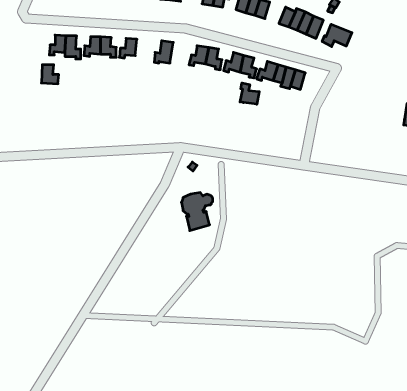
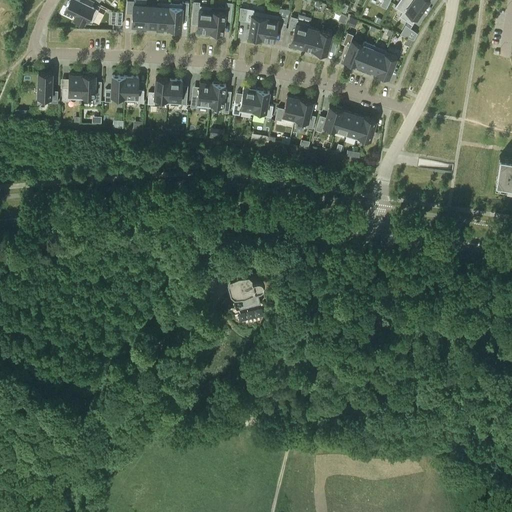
building: [322,24,352,47] -> none
building: none -> [168,81,188,106]
building: none -> [210,85,230,115]
building: [41,65,59,84] -> [40,75,61,98]
building: [240,83,259,104] -> none

